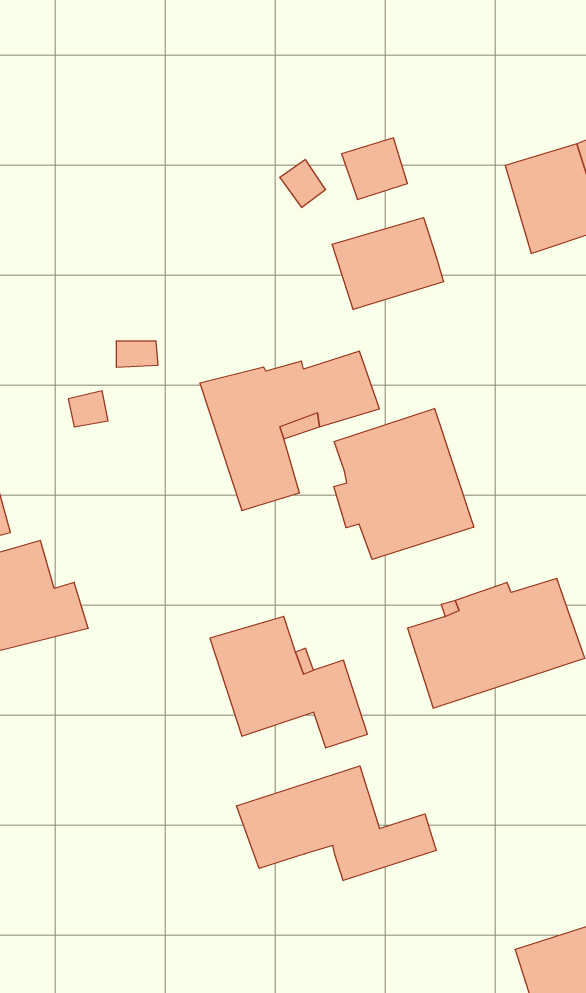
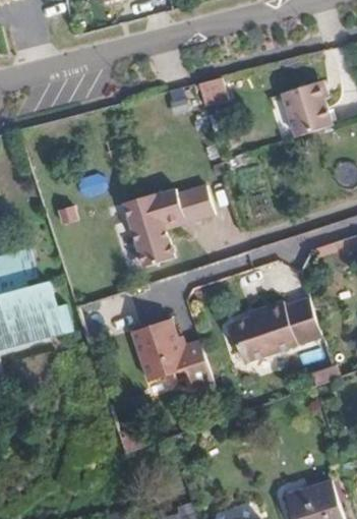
building: [332,218,444,310] -> none
building: [334,408,474,559] -> none
building: [236,766,436,881] -> none

